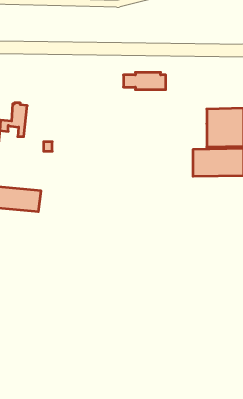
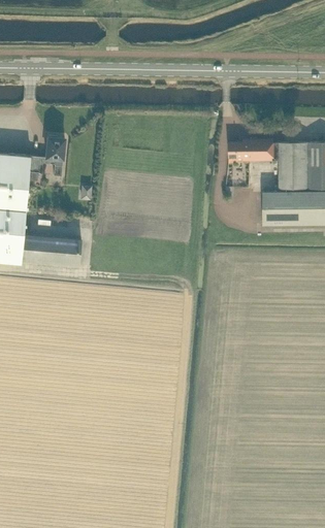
building: [123,72,166,90] -> [228,140,279,161]

